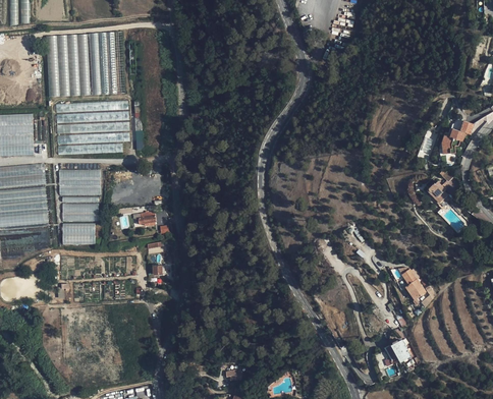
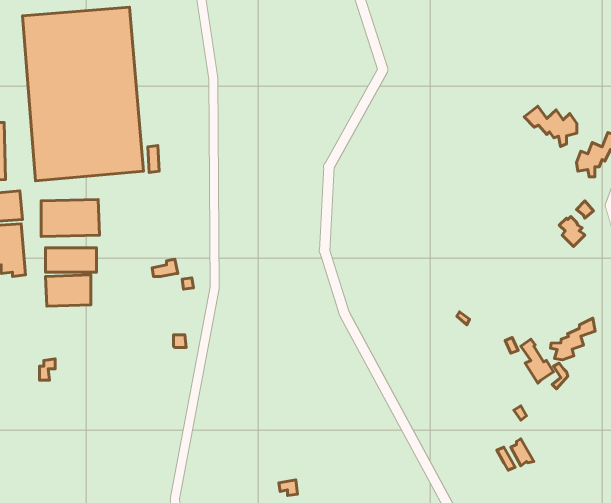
building: none -> [524,106,577,146]
building: none -> [550,318,595,360]

